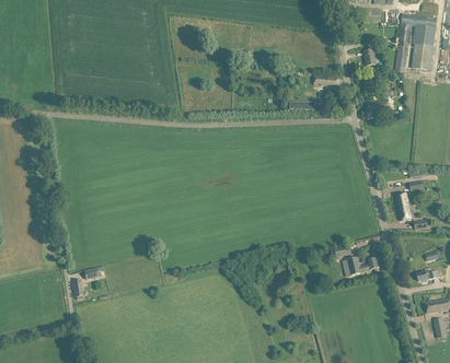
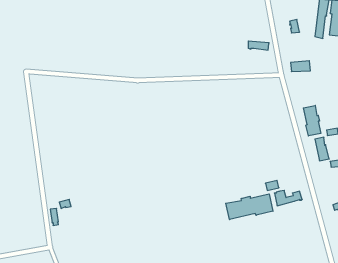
building: none -> [303,105,321,136]
building: none -> [226,194,273,220]

